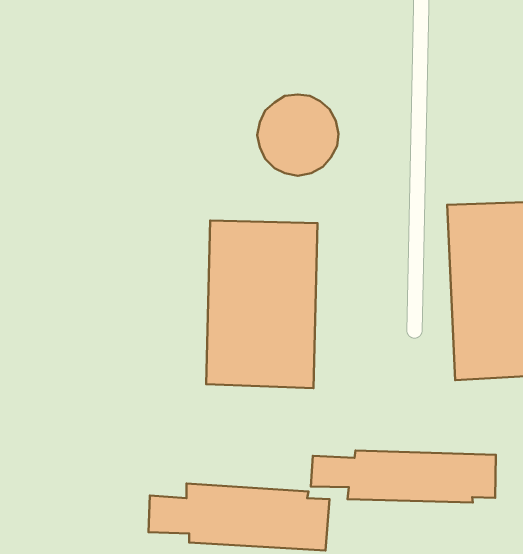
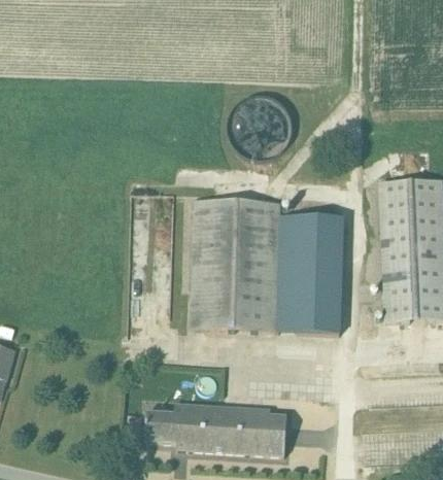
building: none -> [275,214,344,331]
building: [311,450,496,503] -> none

